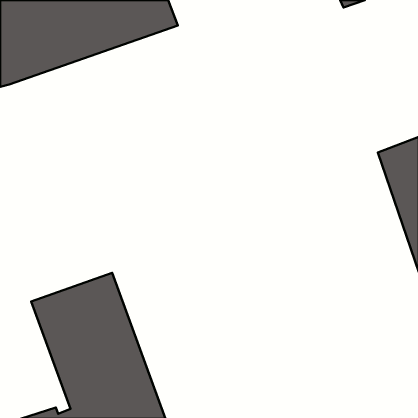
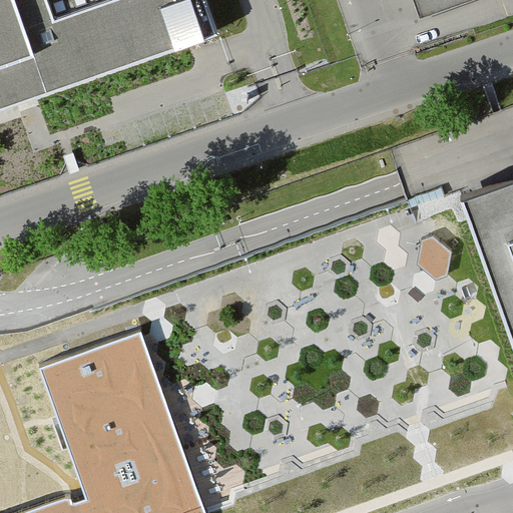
building: none -> [418,239,453,282]

